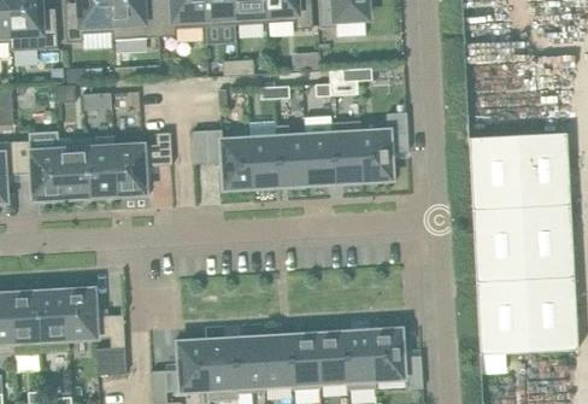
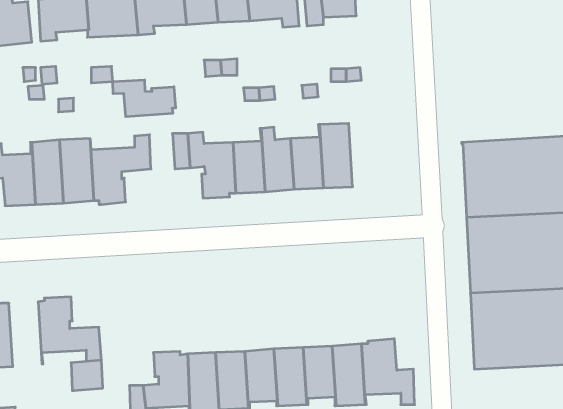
building: none -> [113,80,176,117]
building: [359,121,408,183] -> none
building: [36,291,67,352] -> none

